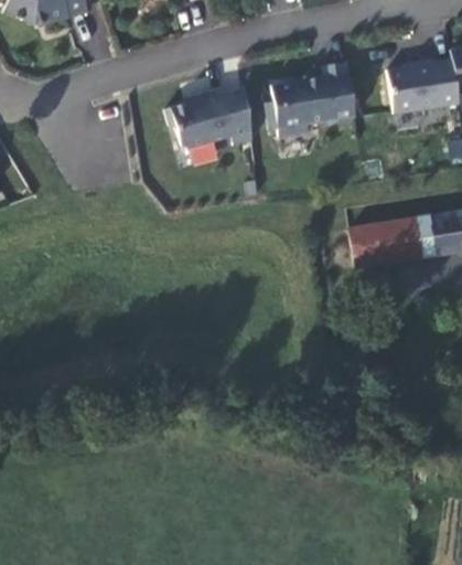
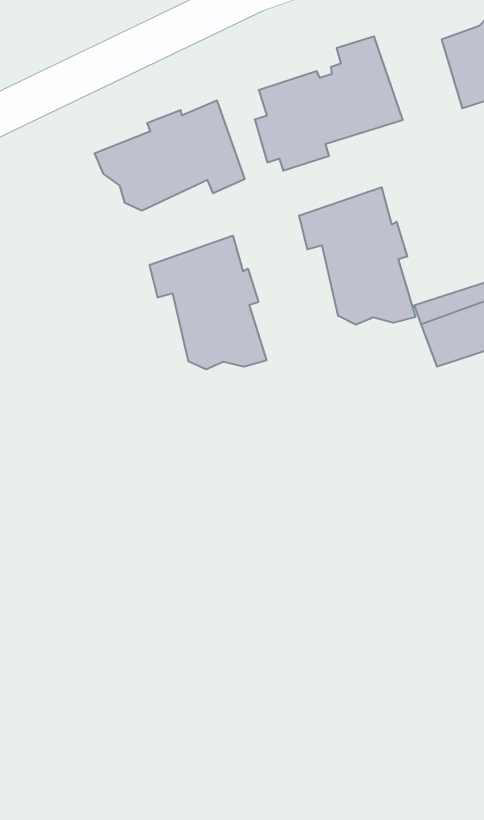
building: none -> [299,187,415,325]
building: none -> [150,236,266,369]

